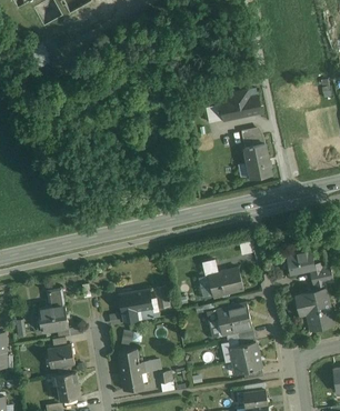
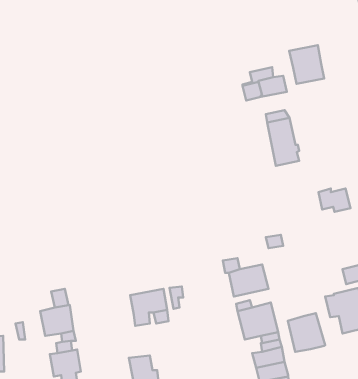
building: none -> [289,45,324,84]
building: [286,250,314,271] -> [318,188,351,212]
building: none -> [288,313,325,352]

